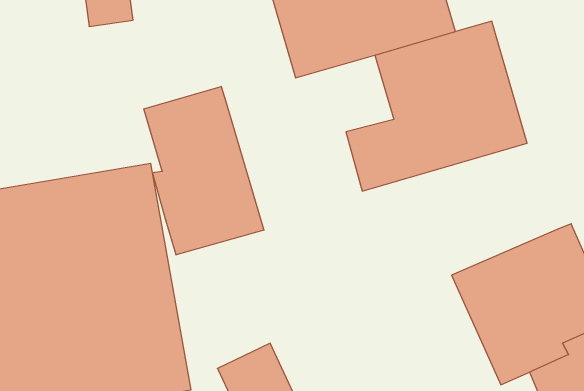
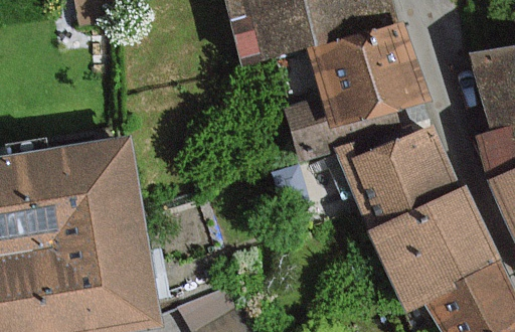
building: [144,86,264,255] -> none
building: none -> [341,128,455,224]

